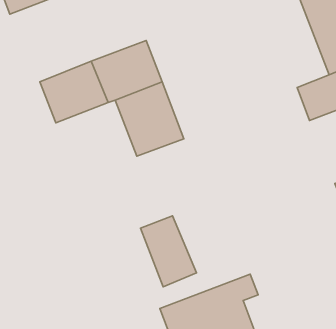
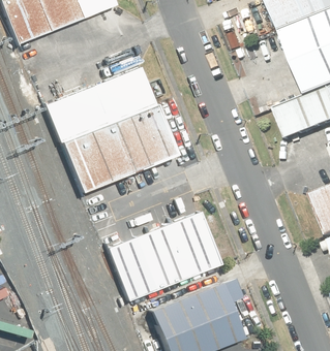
building: none -> [59,120,132,191]
building: none -> [164,211,218,276]
building: none -> [107,235,156,299]

